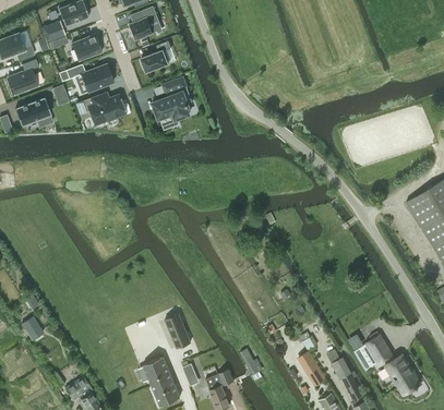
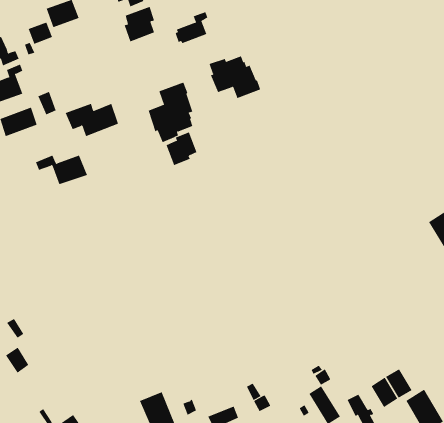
building: [72,35,103,61] -> none
building: [141,41,171,71] -> [175,11,208,44]
building: none -> [209,56,261,99]
building: [67,64,115,92] -> [35,155,88,185]
building: none -> [166,131,197,166]
building: [166,314,192,348] -> none

